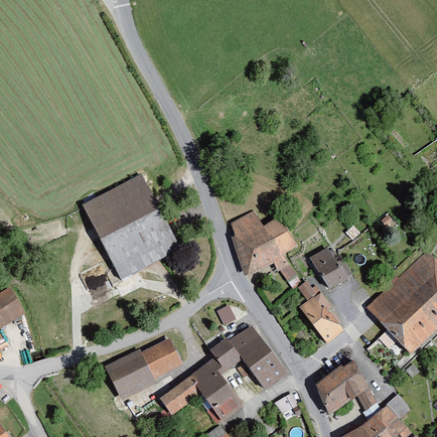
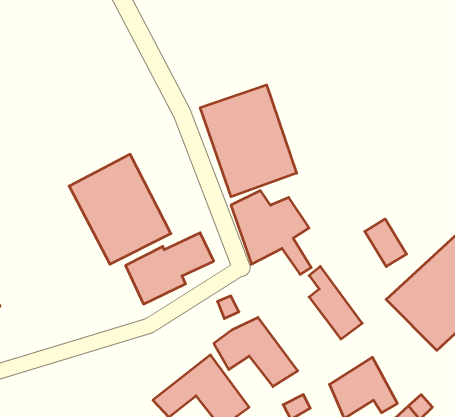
building: none -> [200,85,297,197]
building: [308,246,345,288] -> [365,219,407,267]
building: [104,337,182,401] -> [126,233,214,304]

